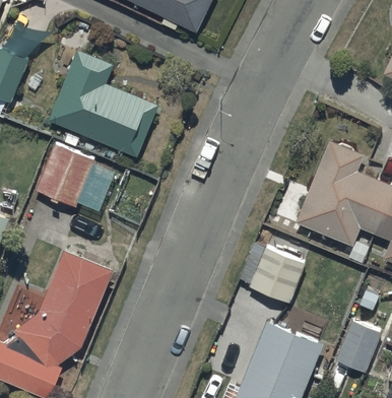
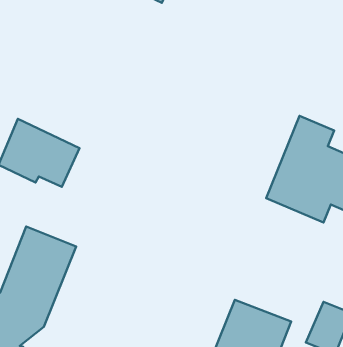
building: [50,51,158,156] -> none
building: [250,247,307,303] -> none

